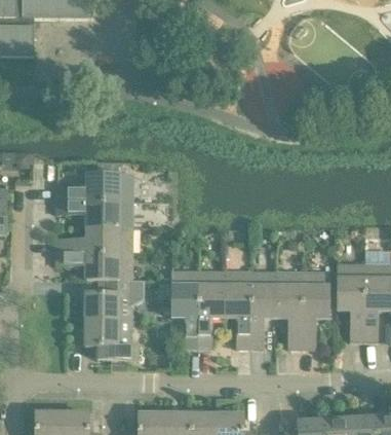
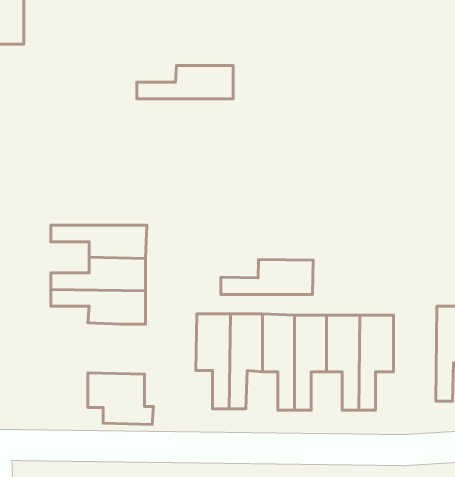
building: [55,173,132,200] -> [137,66,233,99]
building: none -> [221,259,313,294]
building: [337,263,364,340] -> none
building: [85,279,142,319] -> none

